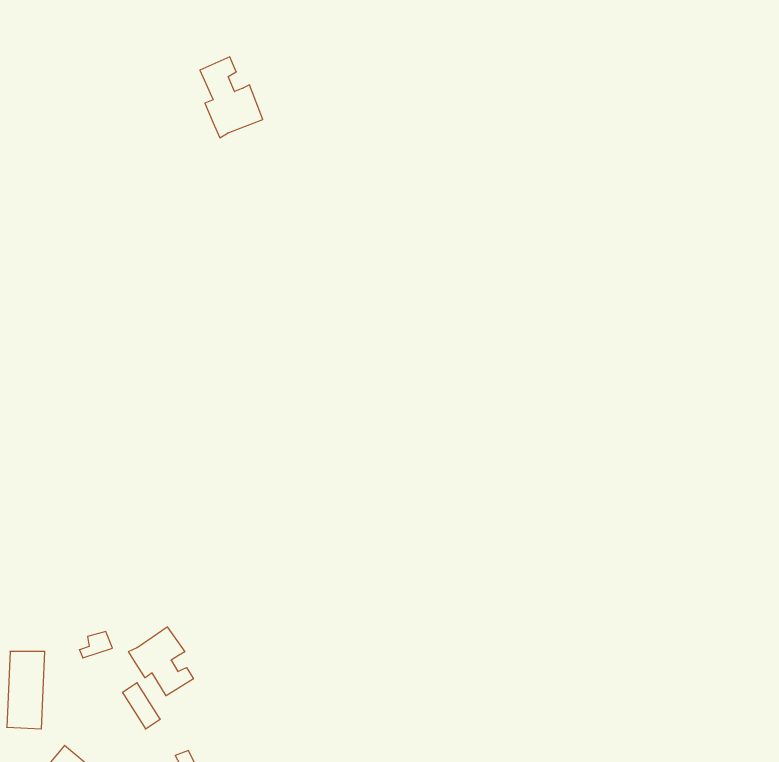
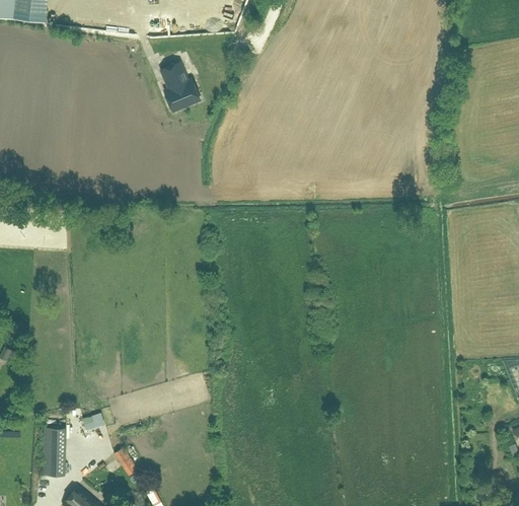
building: [129,627,193,696] -> none

